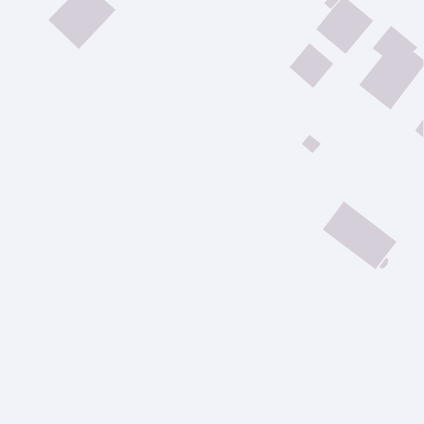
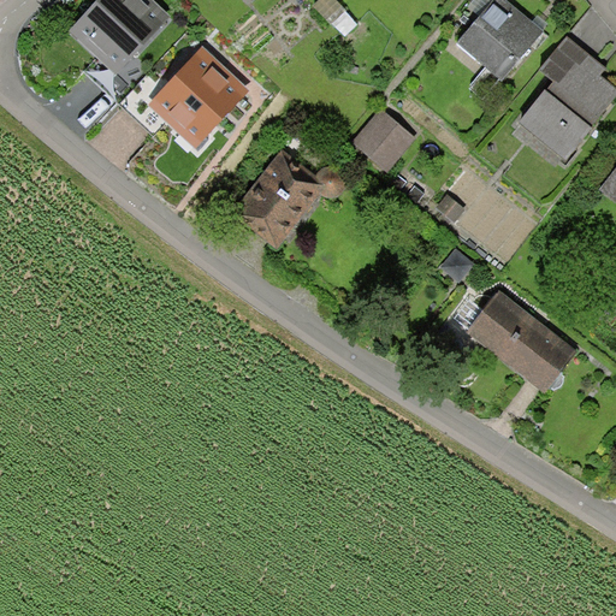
building: none -> [148,46,249,147]
building: [288,42,334,89] -> [350,106,416,173]
building: none -> [232,150,345,249]

